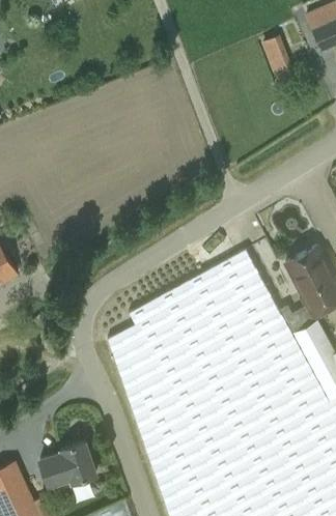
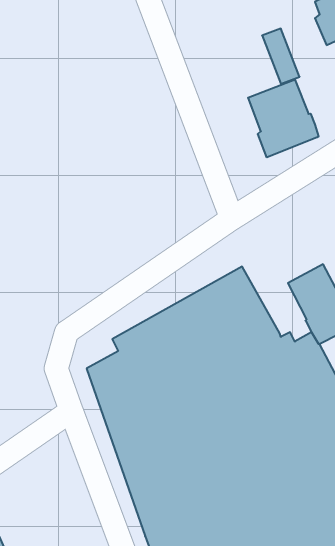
building: none -> [248,80,319,157]
building: [39,443,95,489] -> none

